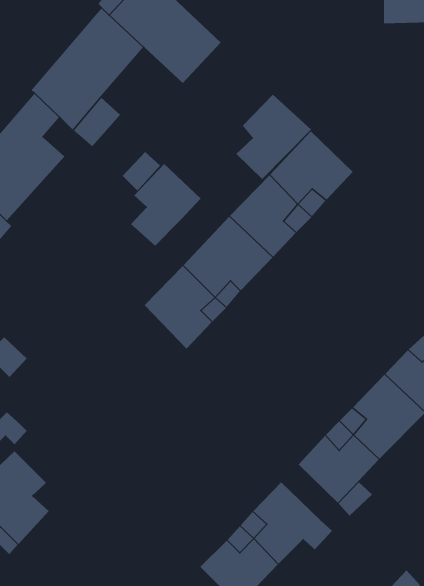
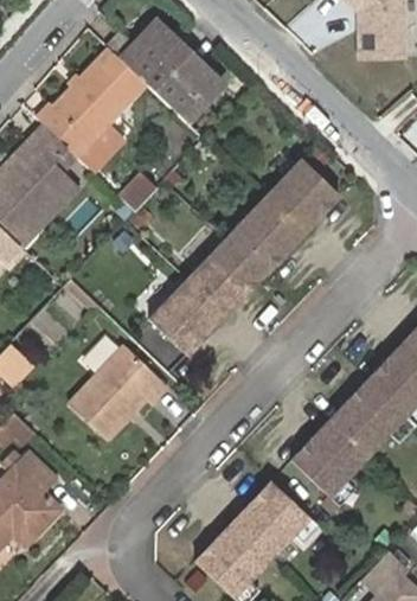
building: [235,94,312,180] -> none
building: [130,163,202,246] -> none
building: none -> [72,345,175,440]

